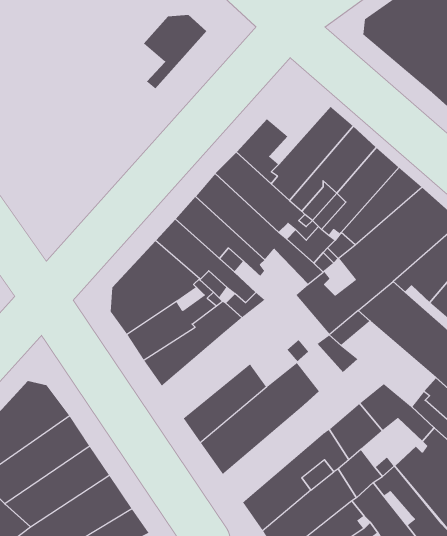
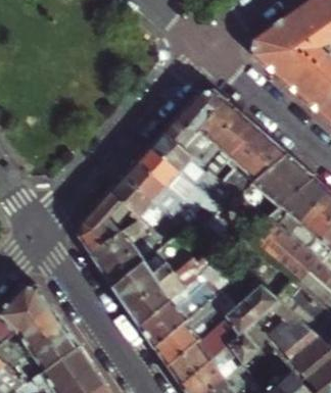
building: [143,14,207,89] -> [185,90,228,140]
building: none -> [114,252,174,310]
building: none -> [155,301,224,366]

